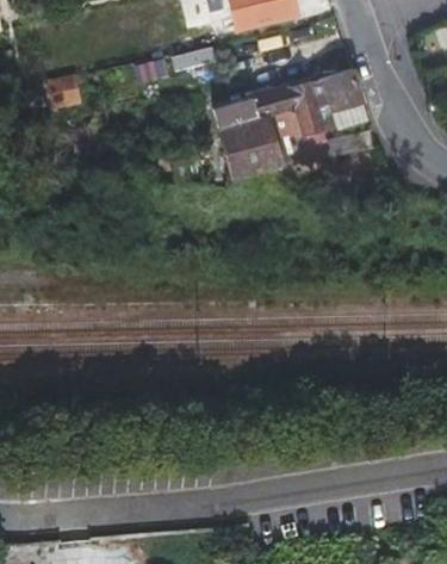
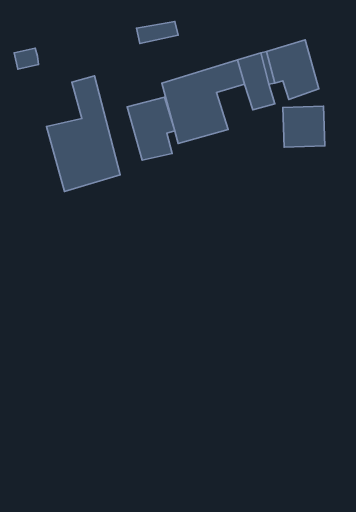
building: none -> [46,76,120,191]
building: none -> [127,97,175,160]

